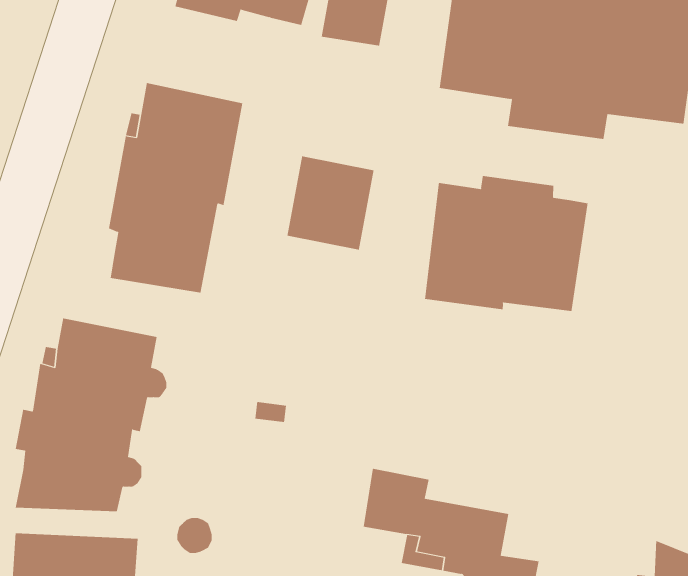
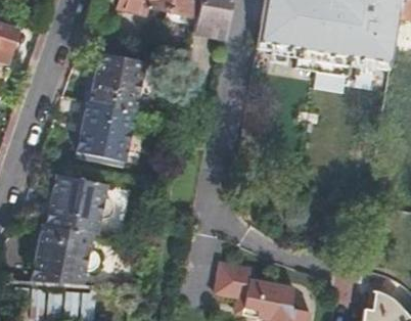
building: [287,156,374,251] -> none
building: [425,175,588,312] -> none

